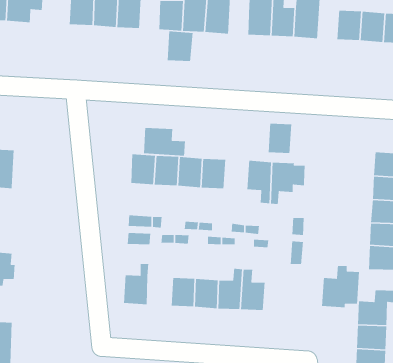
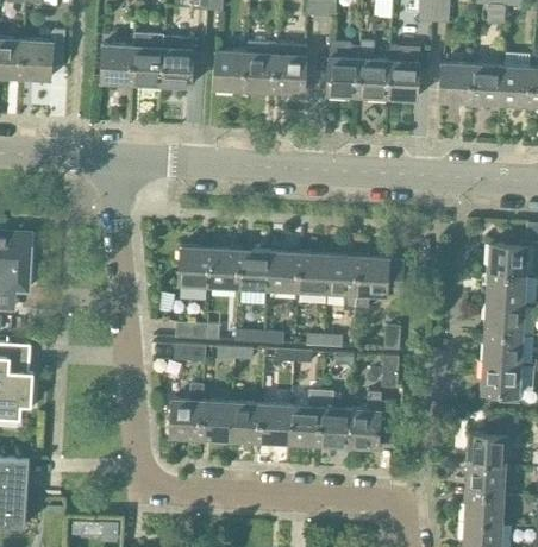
building: [167,30,194,62] -> none
building: [268,123,292,154] -> [298,253,329,293]
building: [143,127,186,157] -> none
building: [321,265,360,308] -> [348,394,396,448]
building: none -> [200,402,232,440]

